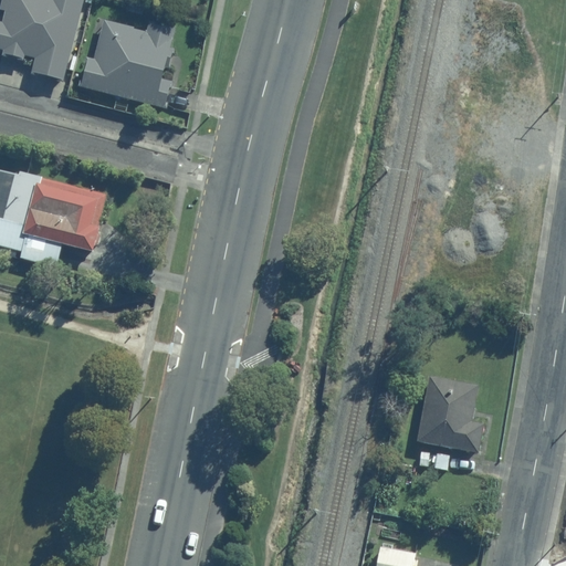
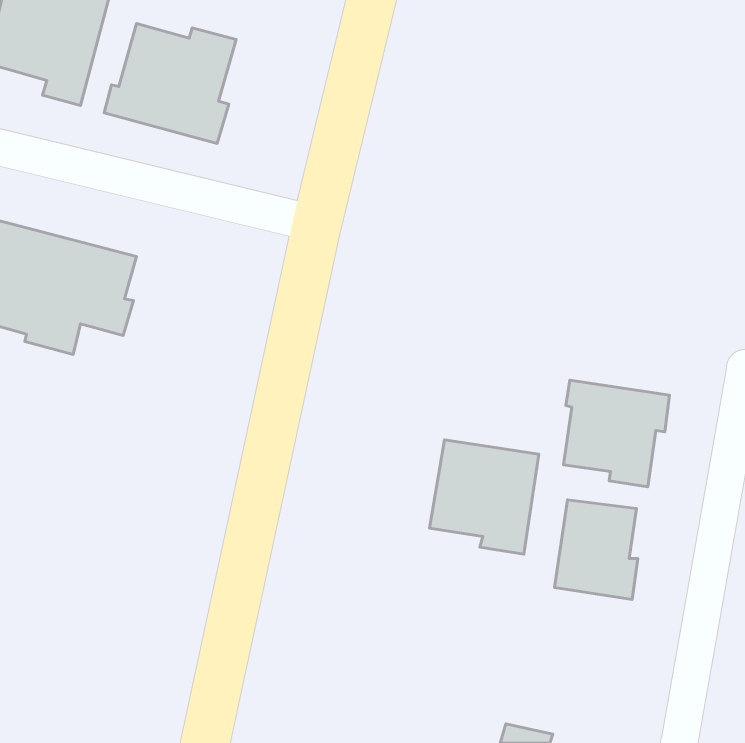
building: none -> [564,380,670,487]
building: none -> [429,440,539,554]

